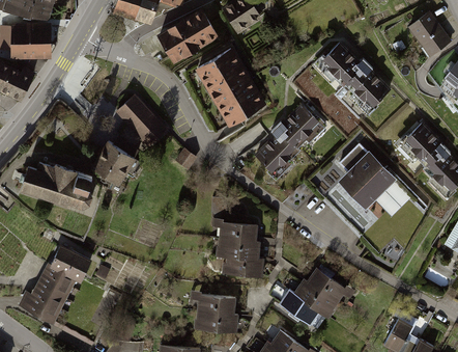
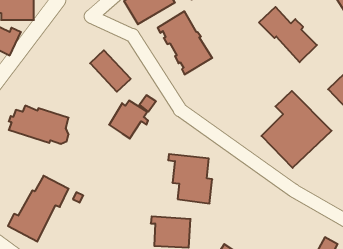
building: [256,104,321,173] -> none
building: [92,137,139,183] -> [109,101,148,139]
building: [280,266,356,327] -> none

